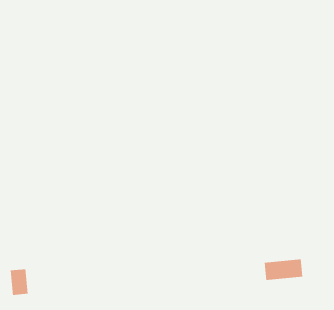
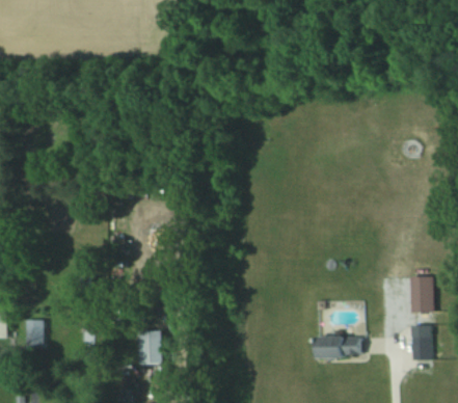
building: none -> [138,331,162,364]

